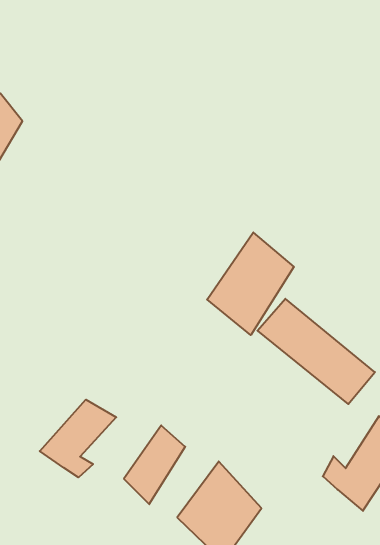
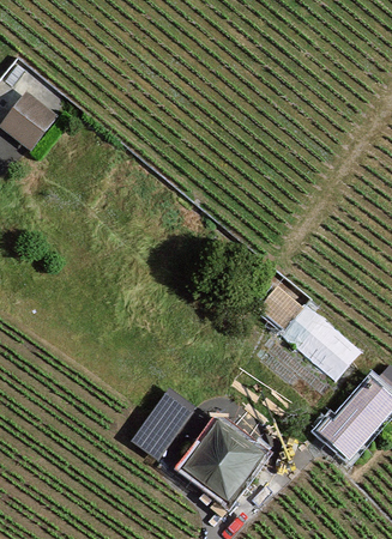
building: [207,232,294,335] -> none
building: [40,400,116,477] -> none

